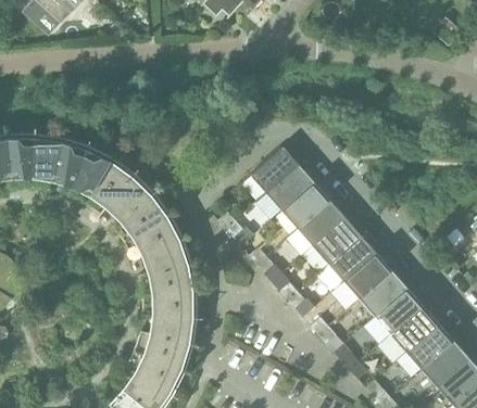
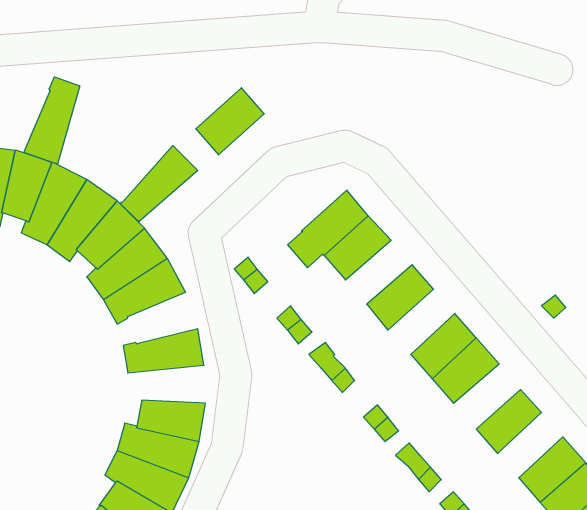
building: none -> [24,77,80,164]
building: none -> [119,146,198,222]
building: [249,146,298,194] -> [196,88,264,155]
building: [286,201,344,255] -> none
building: [327,235,375,282] -> none
building: [141,238,191,275] -> none
building: [374,289,422,335] -> none
building: [141,290,197,317] -> none
building: [405,323,452,370] -> none

